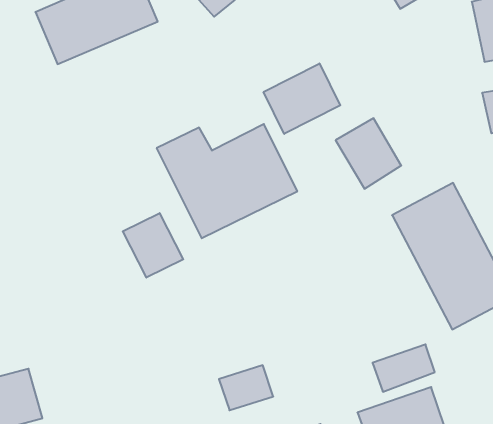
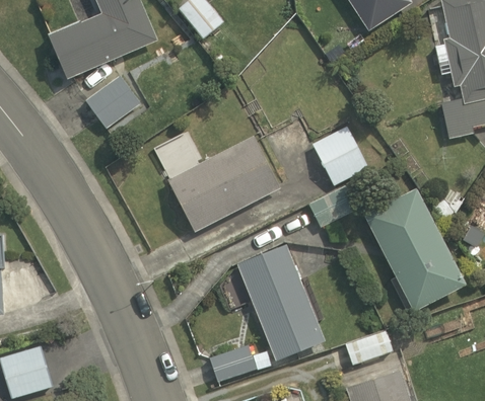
building: none -> [86,74,141,128]
building: [264,63,340,134] -> none
building: [123,213,183,278] -> none
building: none -> [234,240,330,357]

